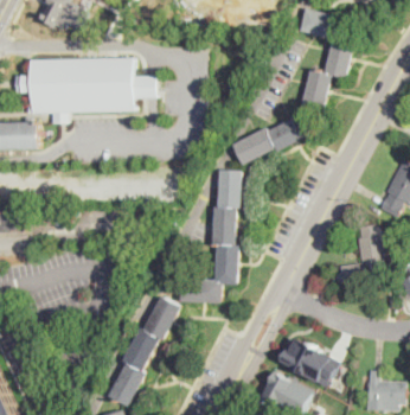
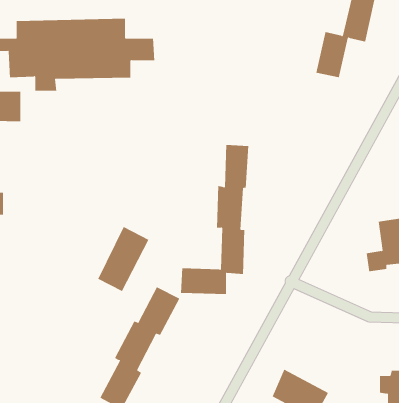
building: [231,114,310,166] -> none
building: none -> [98,226,149,292]
building: [275,336,338,388] -> none

